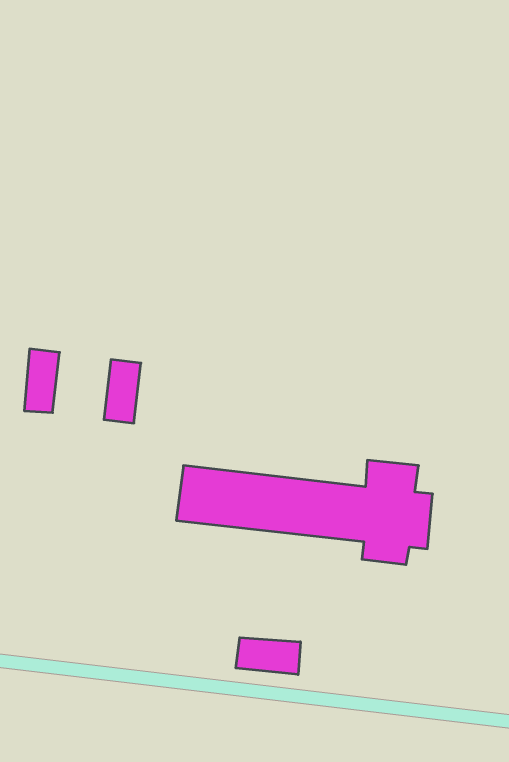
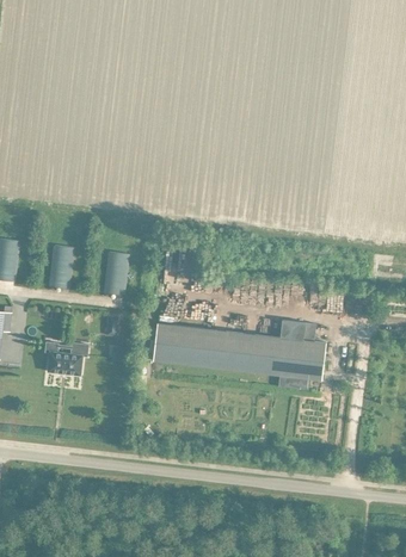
building: none -> [47,351,81,376]
building: [236,638,300,675] -> none

